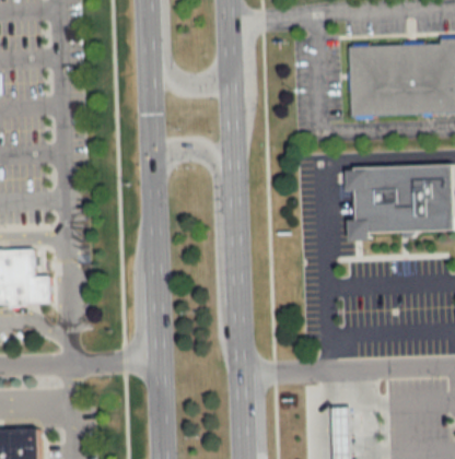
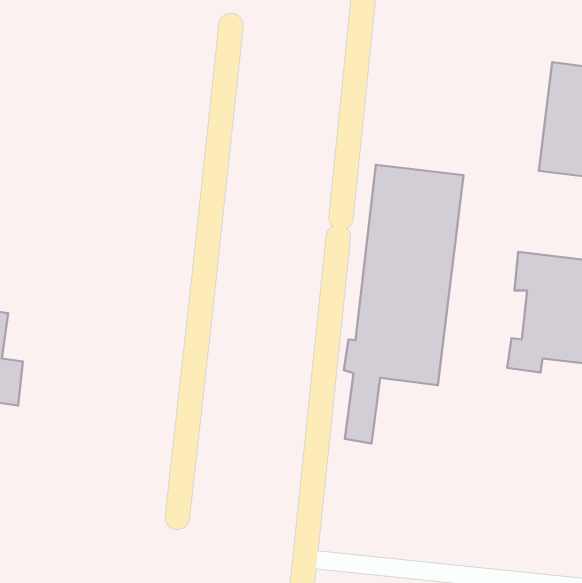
building: none -> [344,165,463,444]

